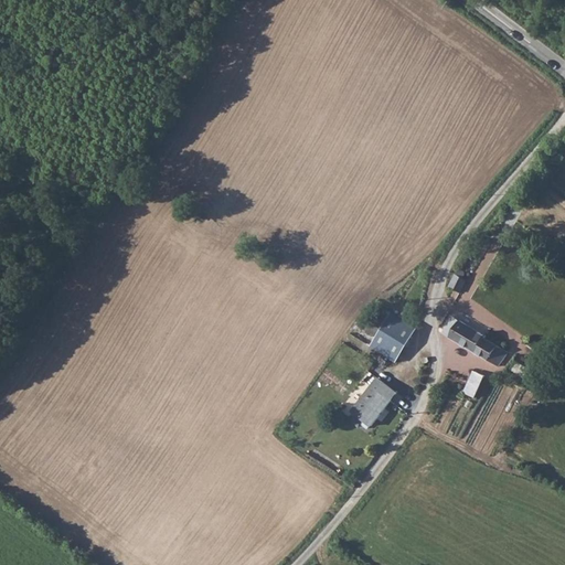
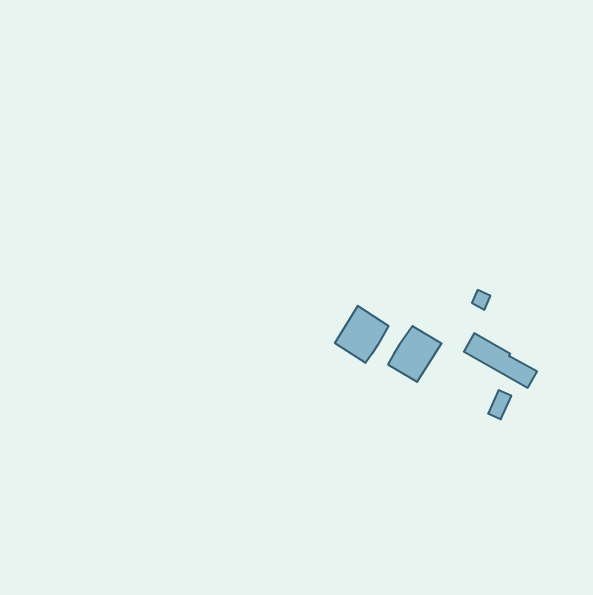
building: none -> [335,306,388,363]
building: [350,379,396,427] -> none

